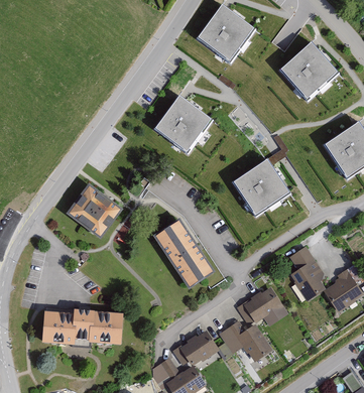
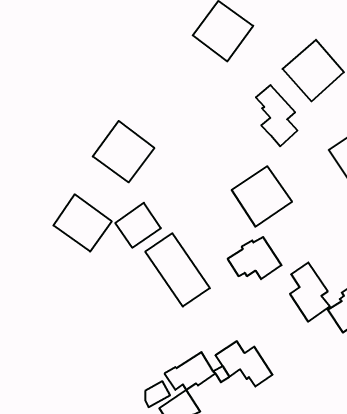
building: none -> [256,85,297,146]
building: [154,94,212,151] -> [93,121,154,182]
building: none -> [115,203,161,248]
building: [237,289,287,329] -> [228,237,282,279]
building: [41,311,123,348] -> none

